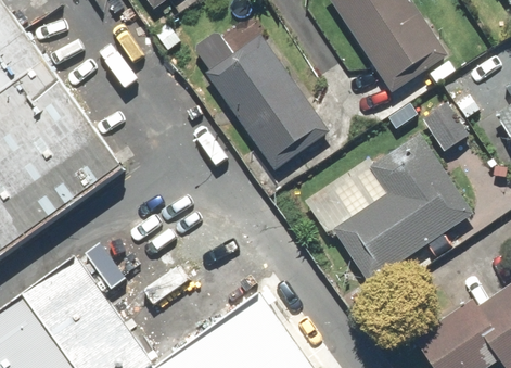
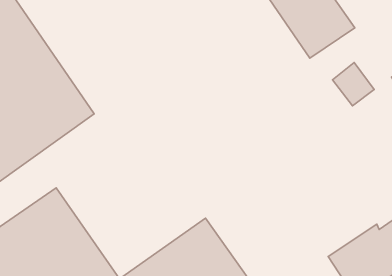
building: [194,30,330,172] -> none
building: [306,131,475,284] -> none

